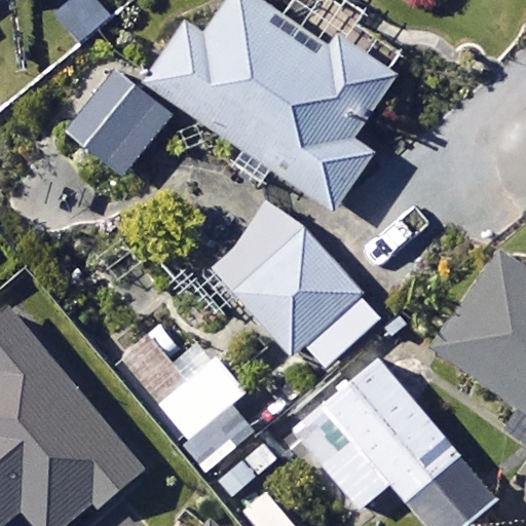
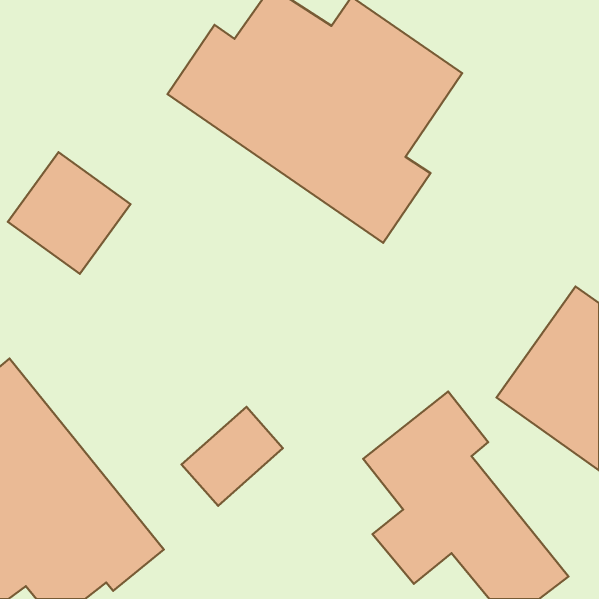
building: [63,69,170,175] -> [8,152,130,274]
building: [212,204,382,370] -> none

